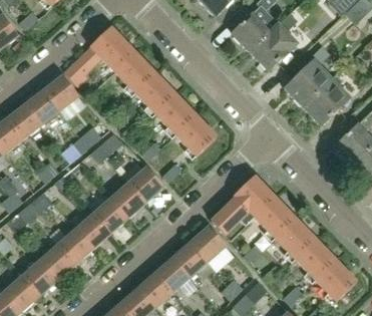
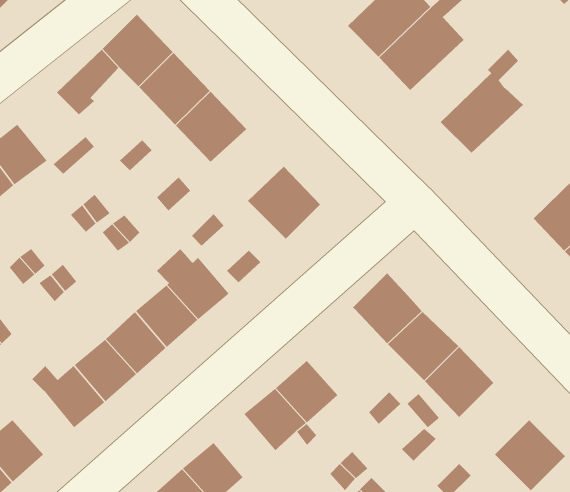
building: [42,75,78,111] -> none
building: [302,79,350,126] -> none
building: [152,93,195,134] -> none
building: [211,197,255,242] -> none
building: [295,239,335,280] -> none
building: [39,244,74,280] -> none
building: [154,257,190,293] -> none

